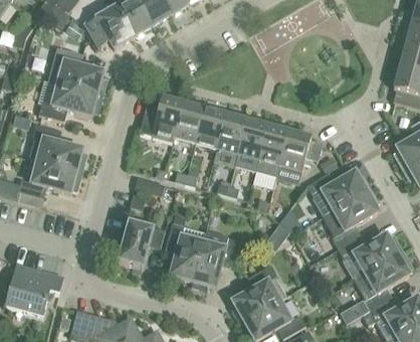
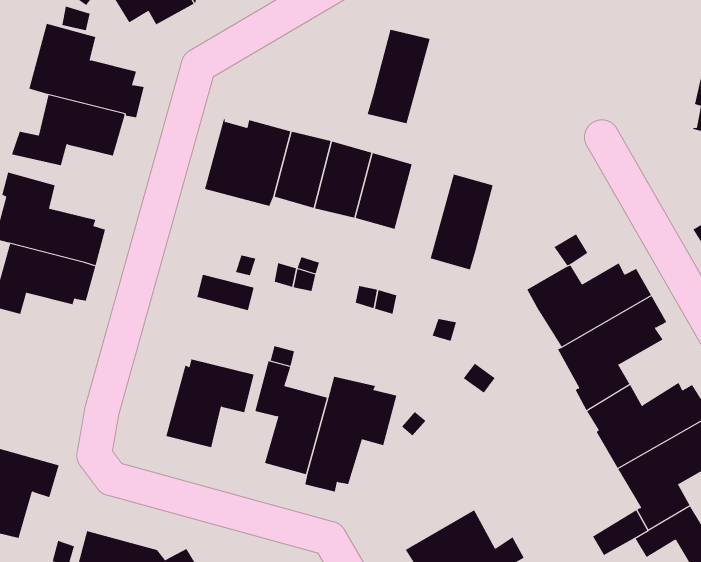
building: [235,119,268,168] -> [367,29,430,124]
building: [280,130,323,170] -> none
building: [231,264,286,322] -> none

